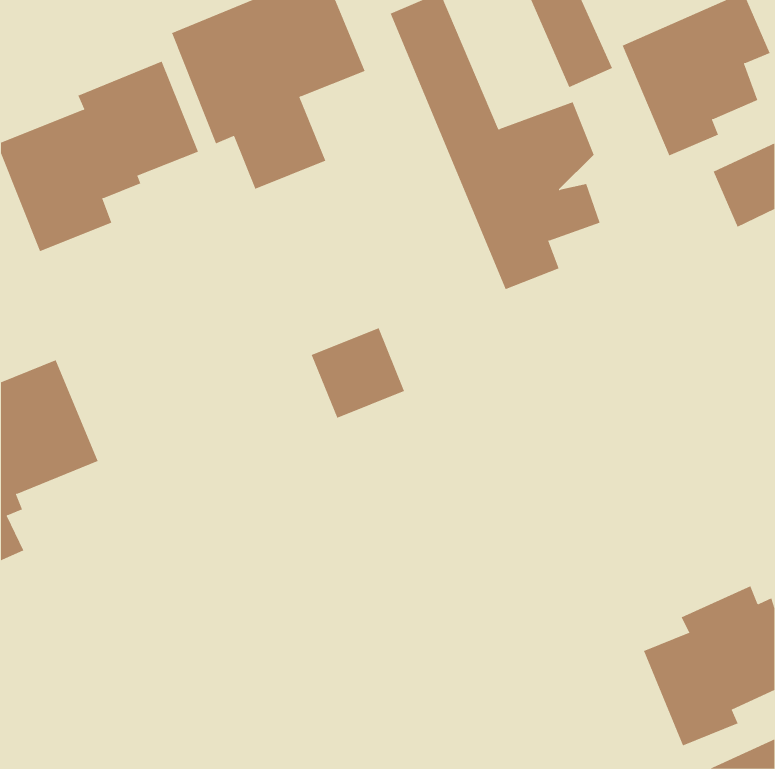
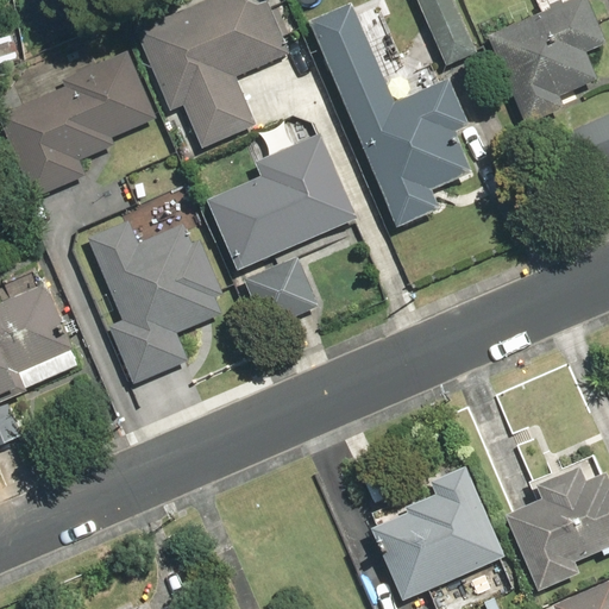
building: none -> [207,134,358,272]
building: none -> [89,216,227,381]
building: none -> [371,464,503,598]

